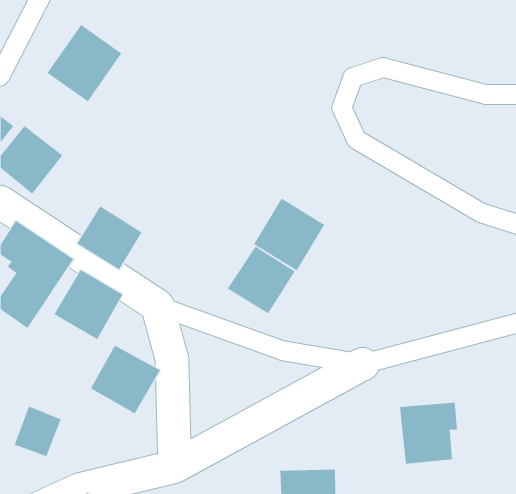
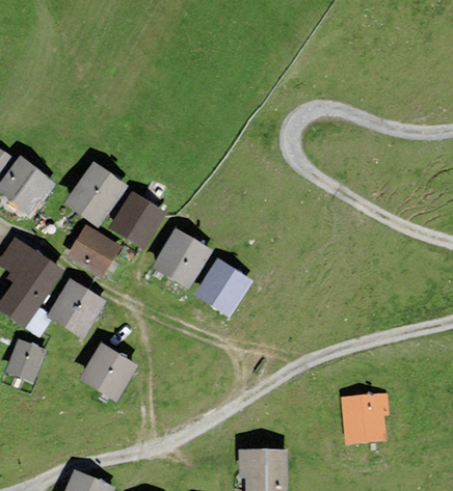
building: [47,24,122,102] -> [63,161,128,227]
building: none -> [108,190,167,249]
building: [253,198,325,271] -> [151,227,212,290]
building: [14,406,62,457] -> [5,338,46,382]

